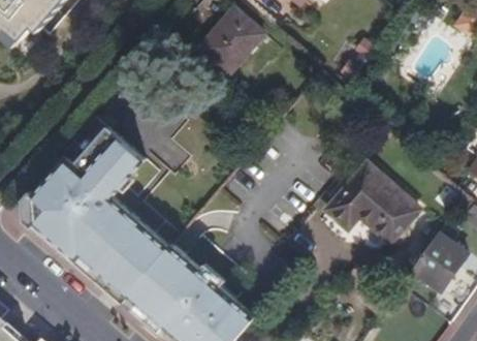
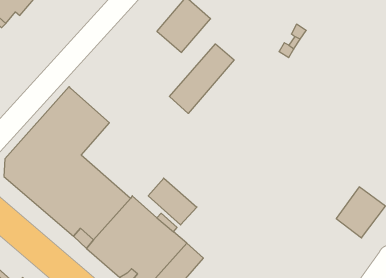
building: none -> [169,44,234,113]
building: [326,162,418,241] -> none
building: none -> [148,178,197,225]

